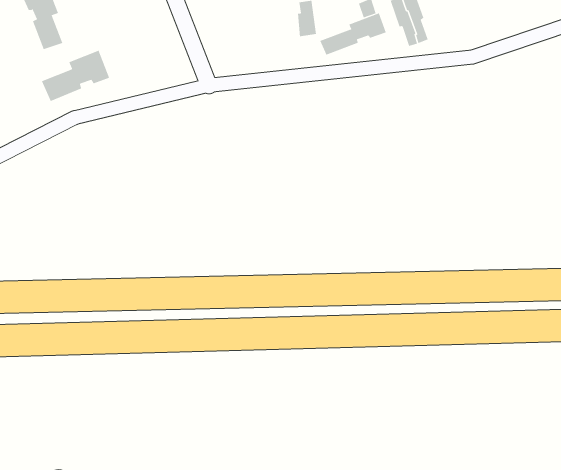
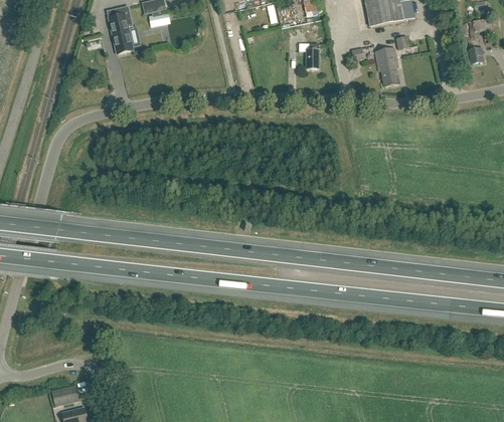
building: [320,12,387,55] -> none
building: [41,50,110,102] -> none

